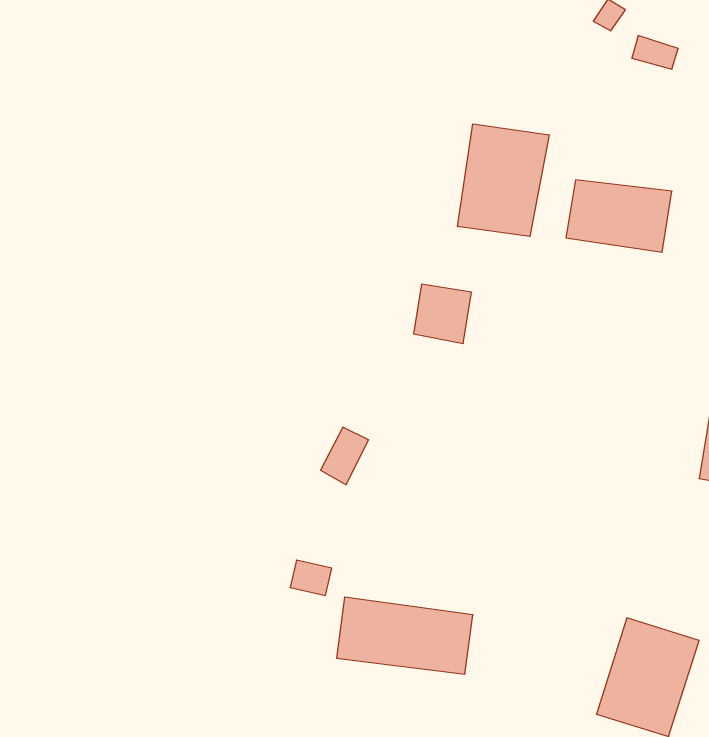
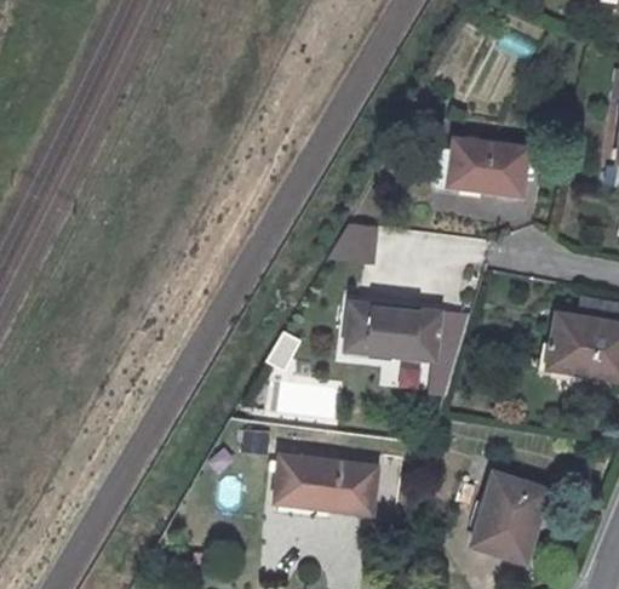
building: [458,124,549,236] -> none
building: none -> [345,303,470,396]

